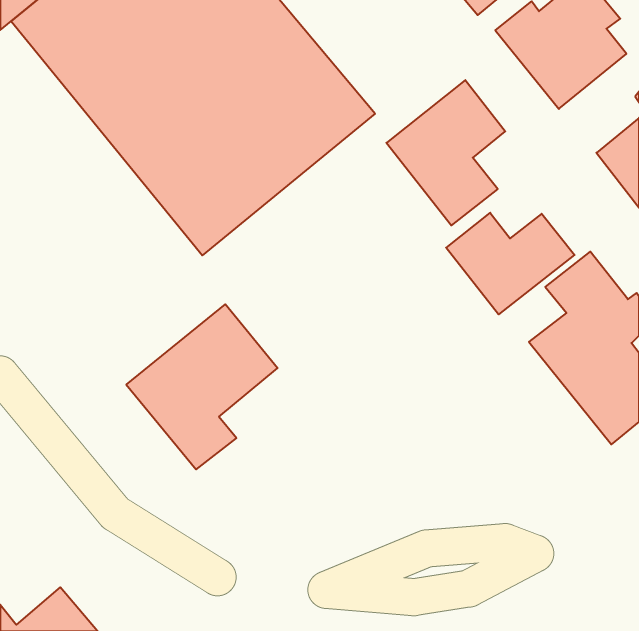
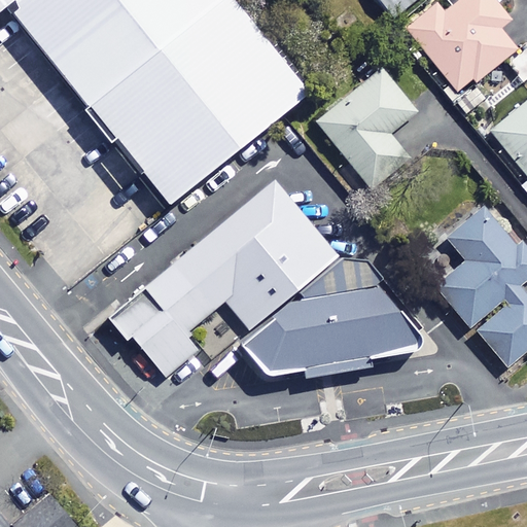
building: none -> [201,169,354,318]
building: [446,213,575,314] -> none
building: none -> [239,282,425,379]

